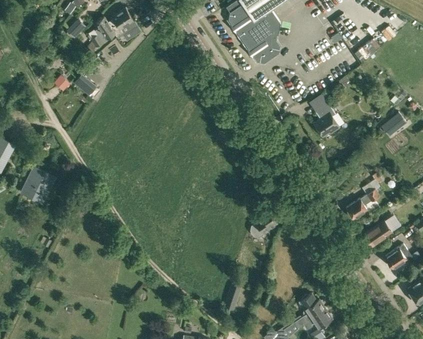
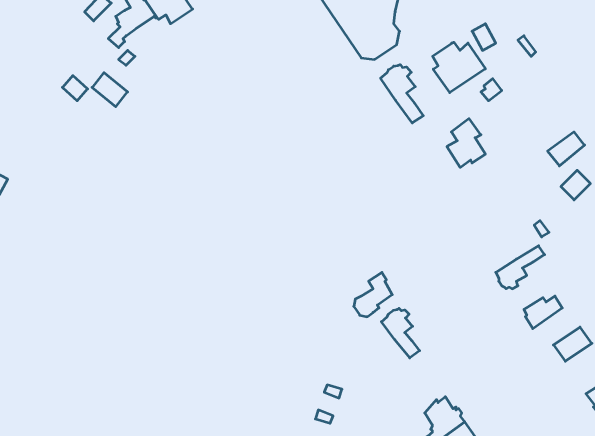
building: none -> [433,42,485,93]
building: none -> [381,65,423,123]
building: [21,166,55,202] -> none
building: none -> [381,308,420,358]

